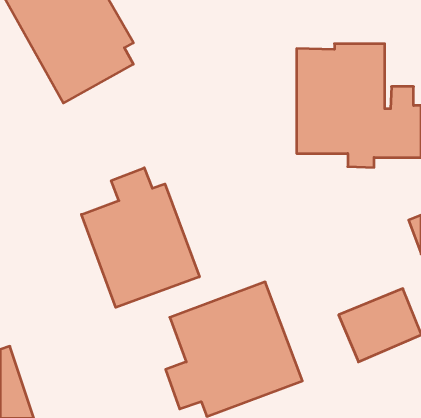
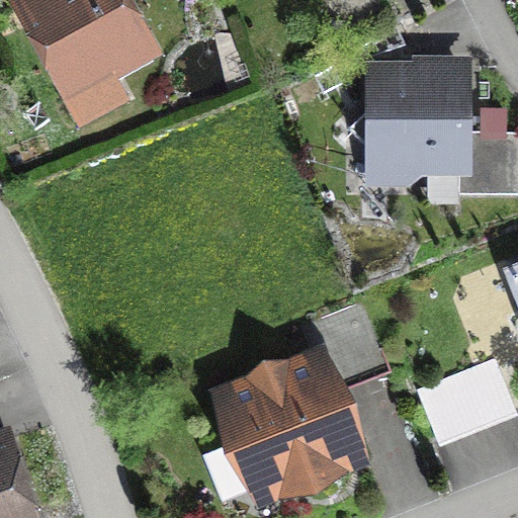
building: [81,168,199,307] -> none

